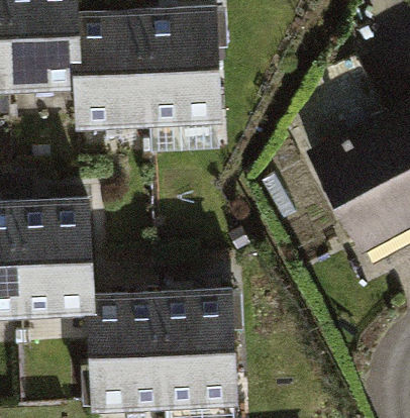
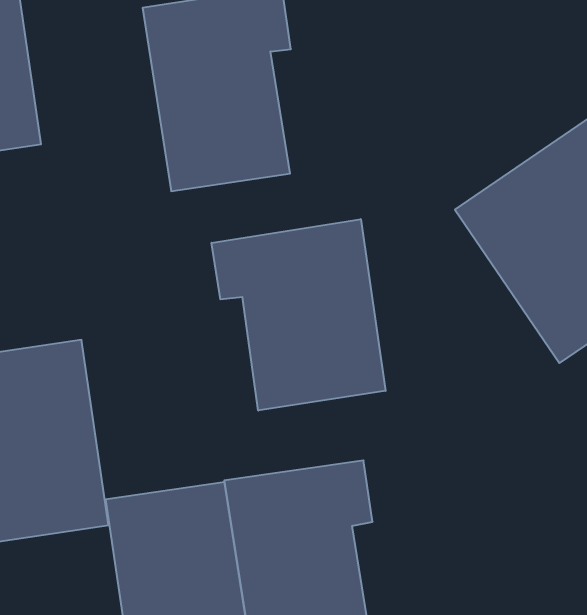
building: [75,15,148,126] -> none
building: none -> [212,219,386,411]

